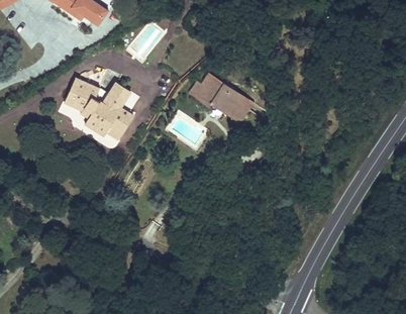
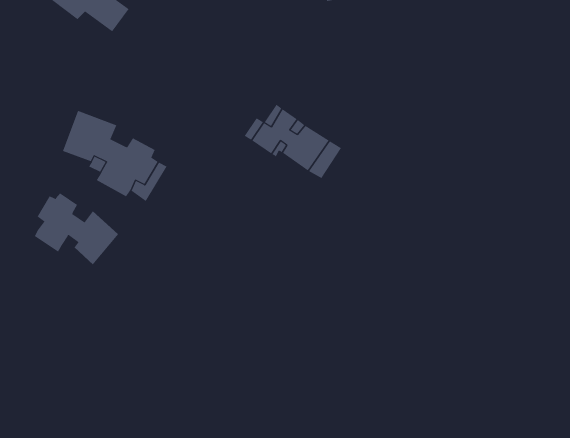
building: [95,81,132,102] -> none
building: none -> [34,192,119,265]

